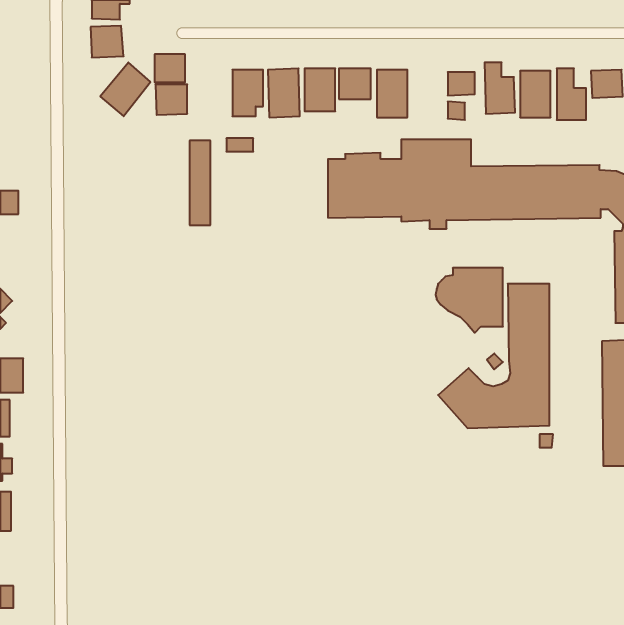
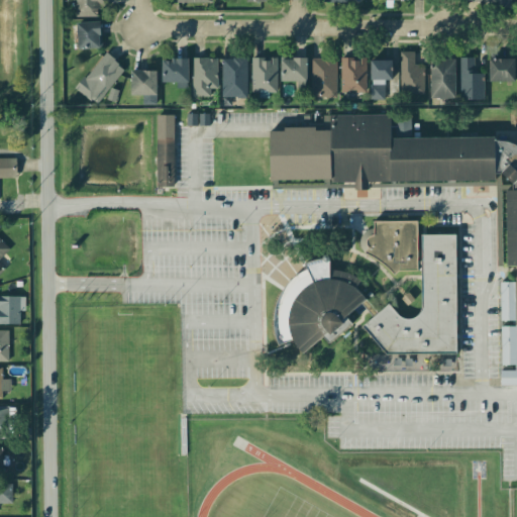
building: [155,54,185,82] -> [162,59,187,82]
building: none -> [342,57,368,92]
building: none -> [279,255,365,353]

